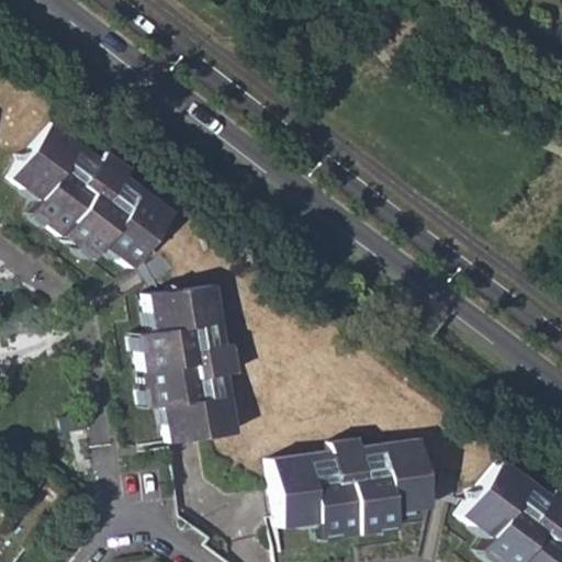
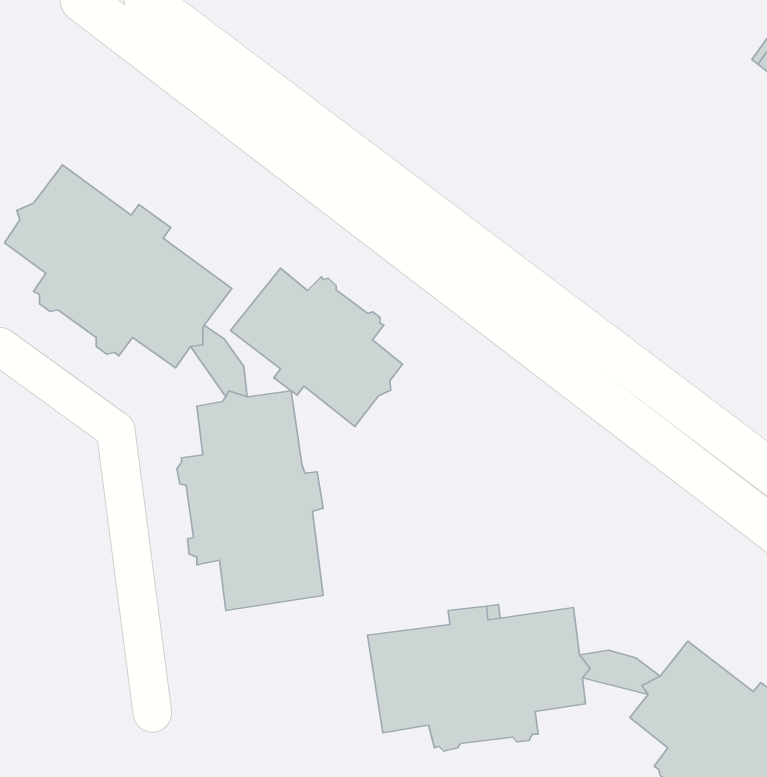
building: none -> [231,268,402,427]

